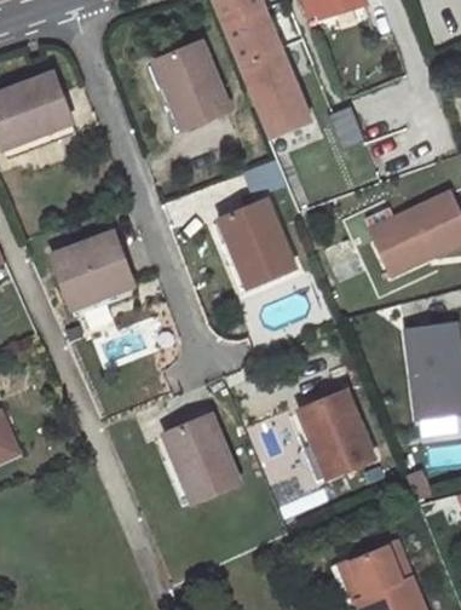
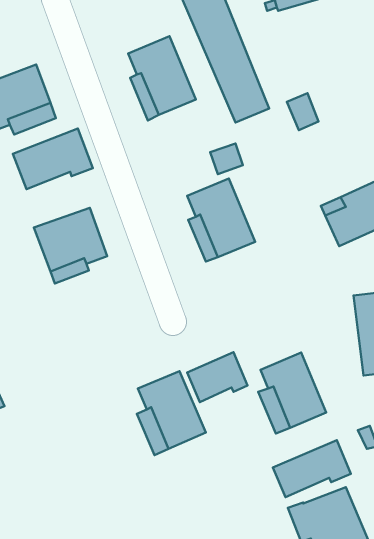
building: none -> [13,128,93,189]
building: none -> [187,352,248,402]
building: none -> [273,440,351,497]

